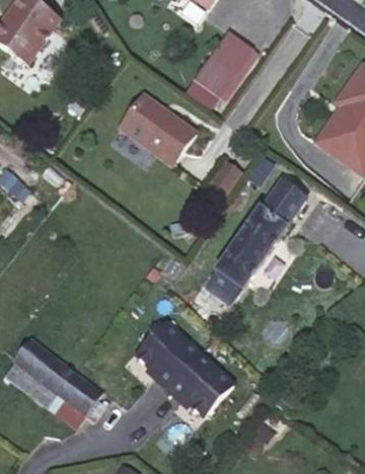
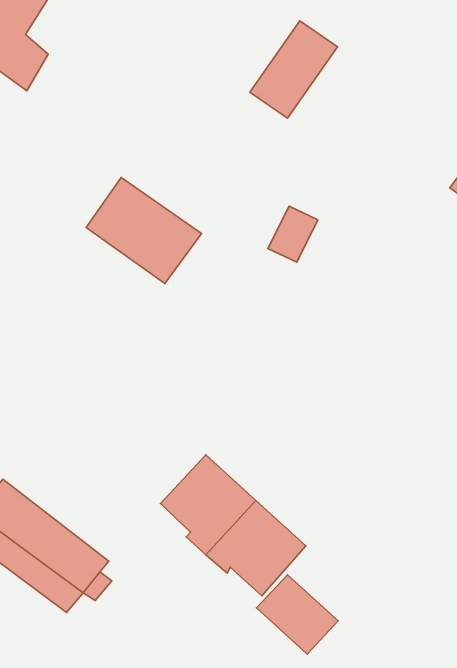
building: [119,94,196,165] -> [86,177,201,284]
building: [204,178,305,305] -> none
building: none -> [257,575,338,654]

